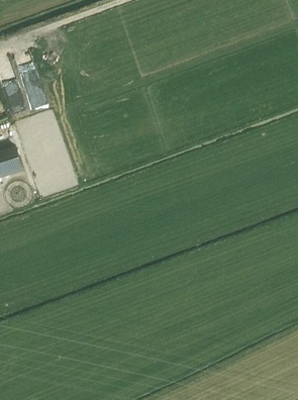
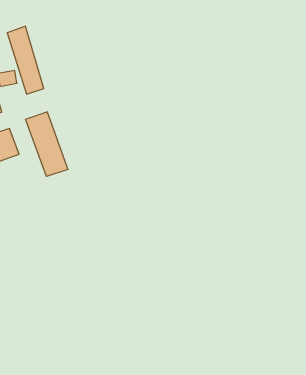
building: none -> [25,112,68,176]

